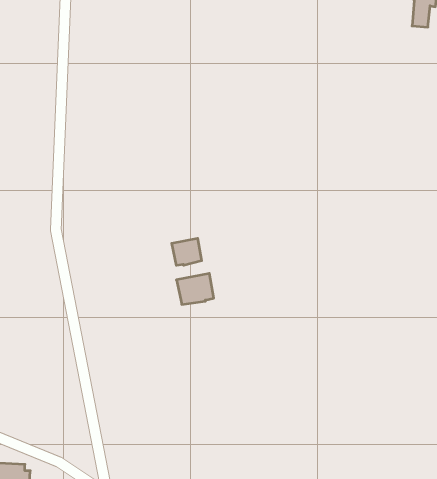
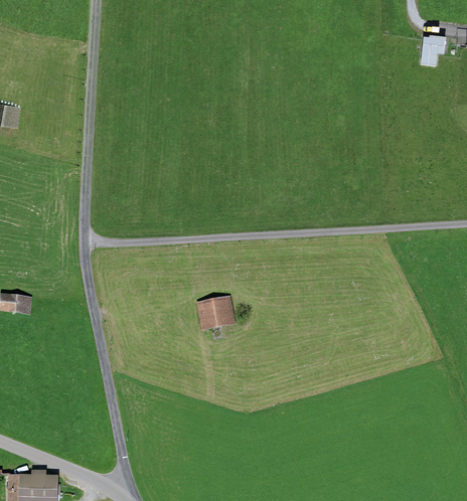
building: [172,238,202,265] -> none

